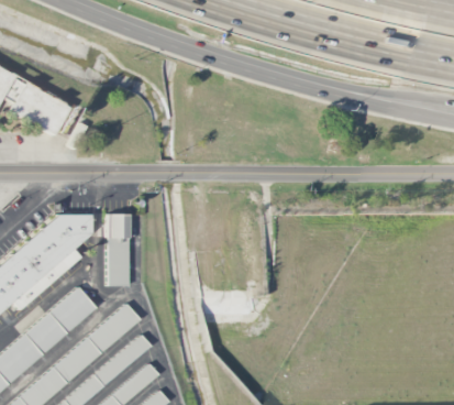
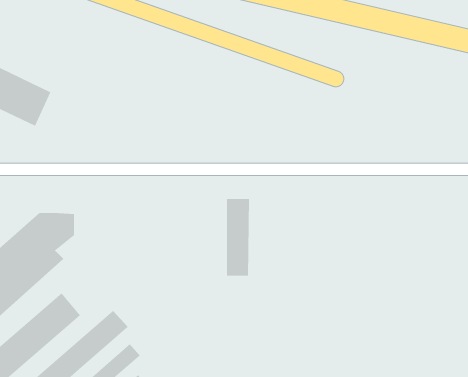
building: [107,216,129,287] -> [226,199,250,276]

